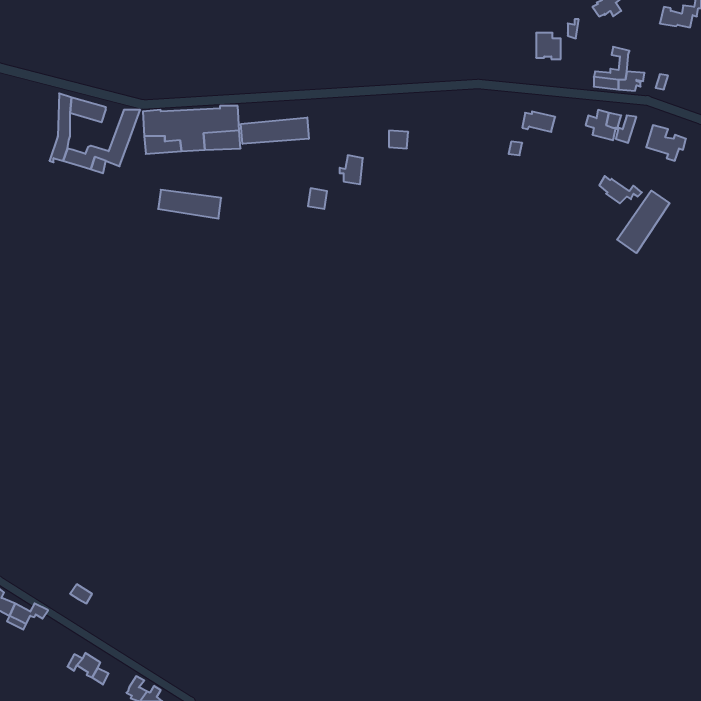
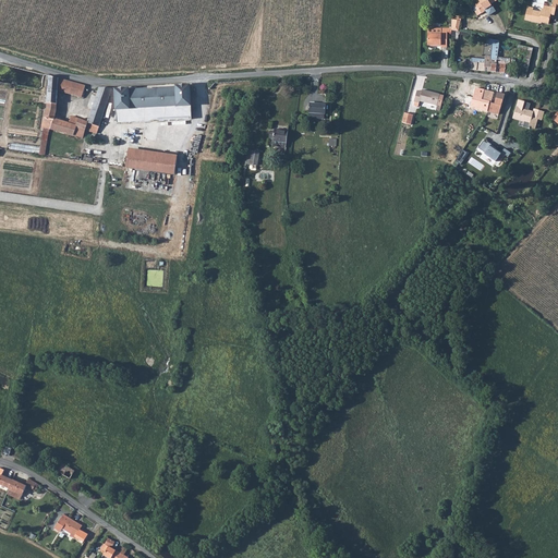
building: [241,117,309,144] -> none
building: [617,191,670,253] -> none

